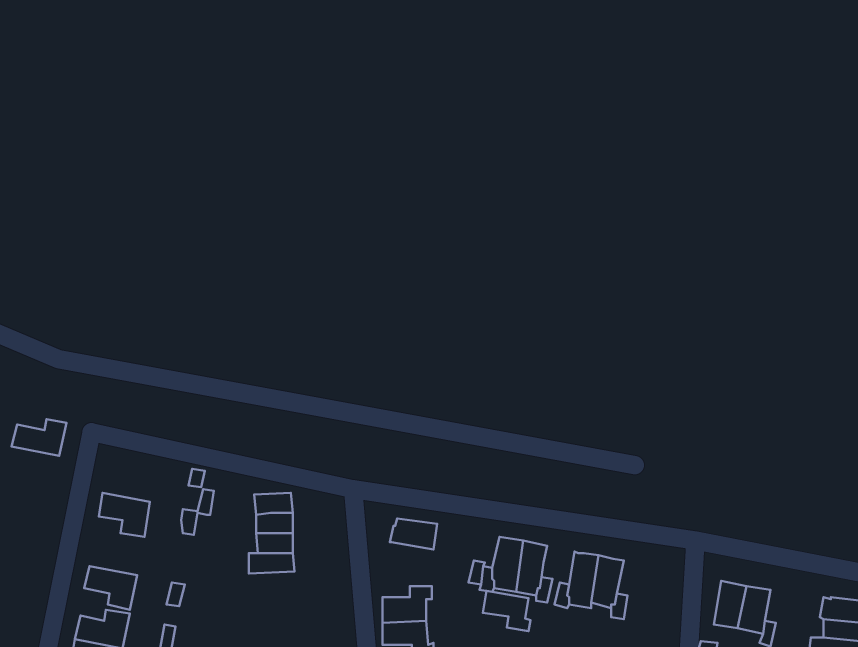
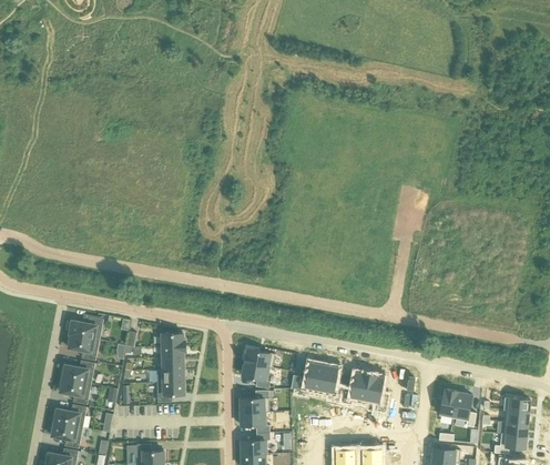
building: [12,419,67,456] -> [69,316,102,338]
building: none -> [61,360,93,383]
building: none -> [157,381,185,402]
building: [483,591,530,631] -> [242,363,271,387]

